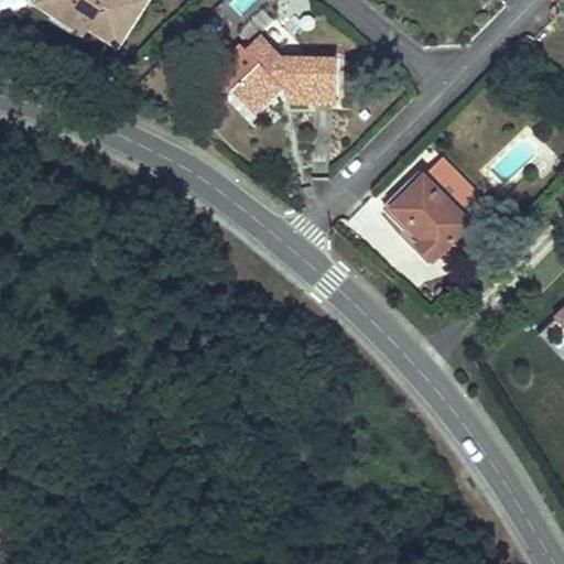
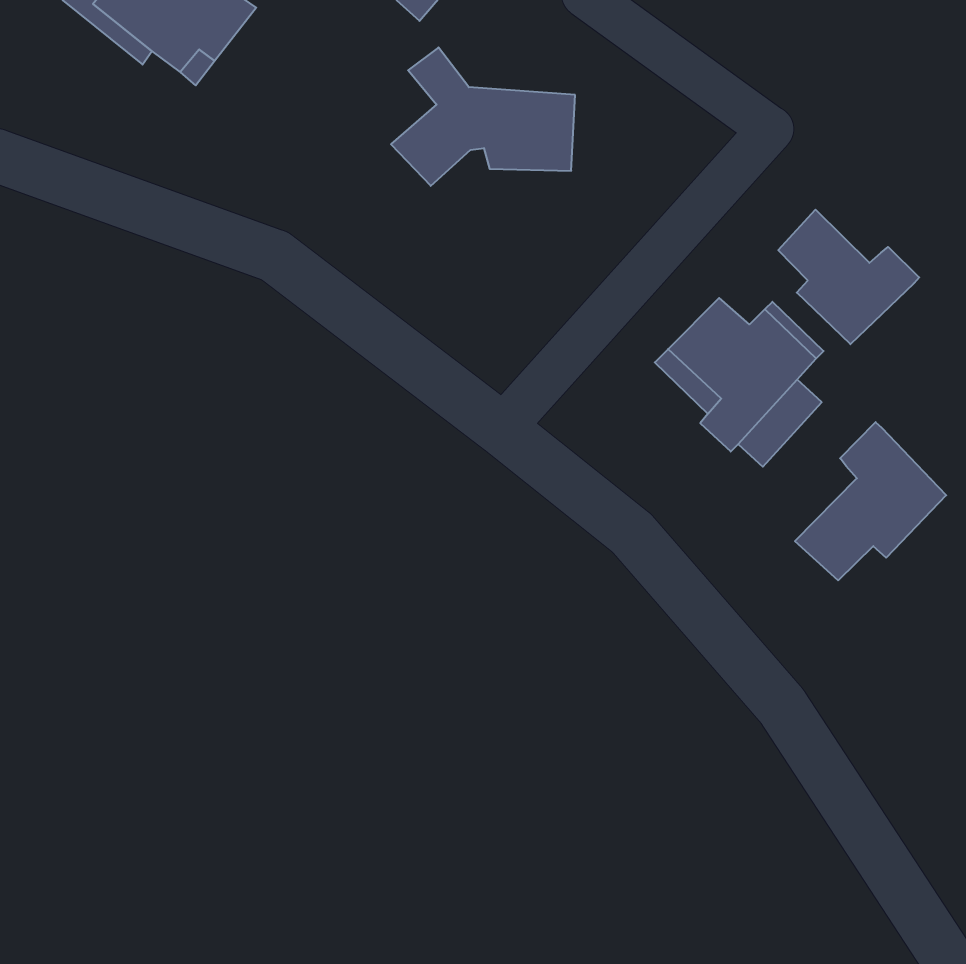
building: none -> [778,210,919,344]
building: none -> [795,422,946,580]

